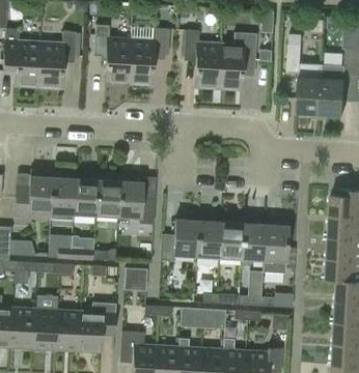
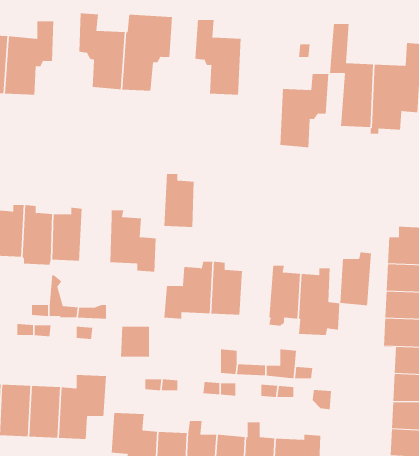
building: [218,33,256,90] -> [279,74,329,148]
building: [95,175,119,217] -> [163,173,194,227]
building: [219,218,244,259] -> [340,252,372,306]

